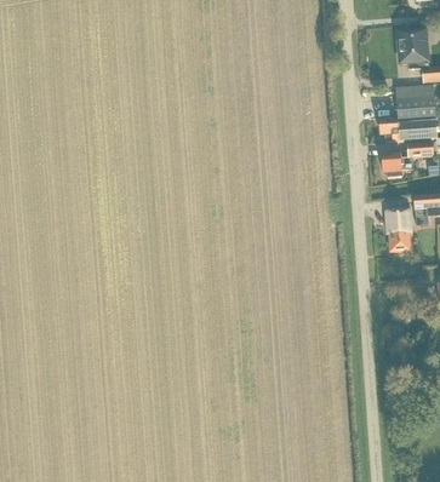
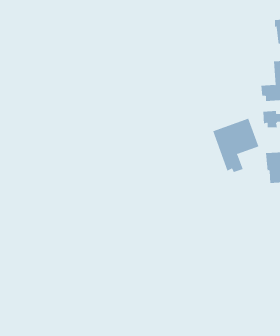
building: none -> [212,118,259,173]

